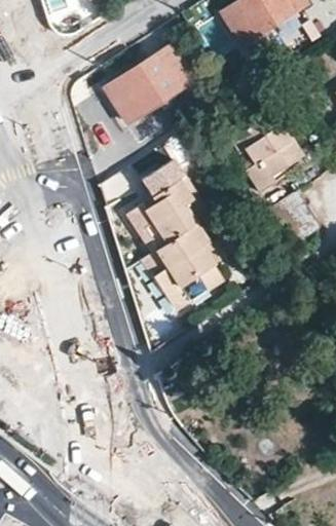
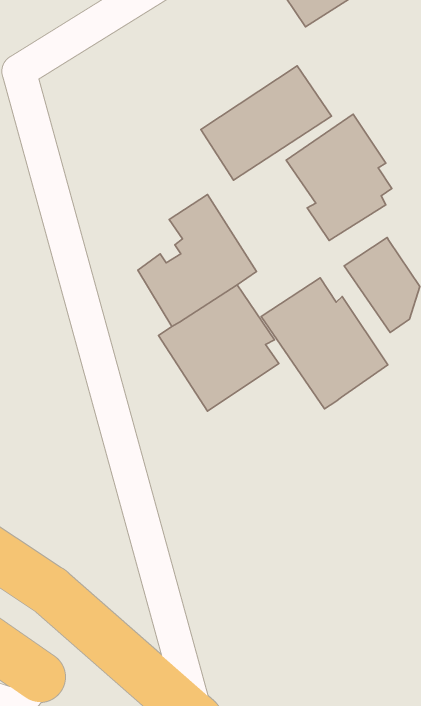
building: [104,43,194,122] -> [201,66,331,180]
building: none -> [261,278,388,409]

